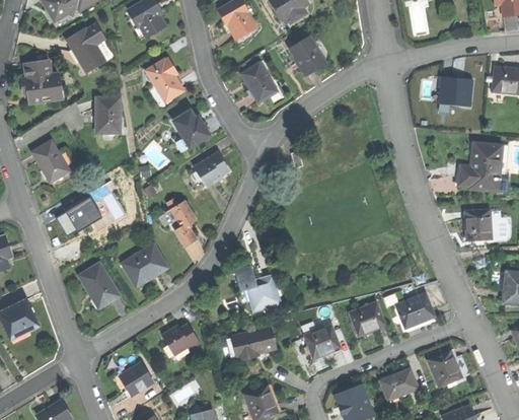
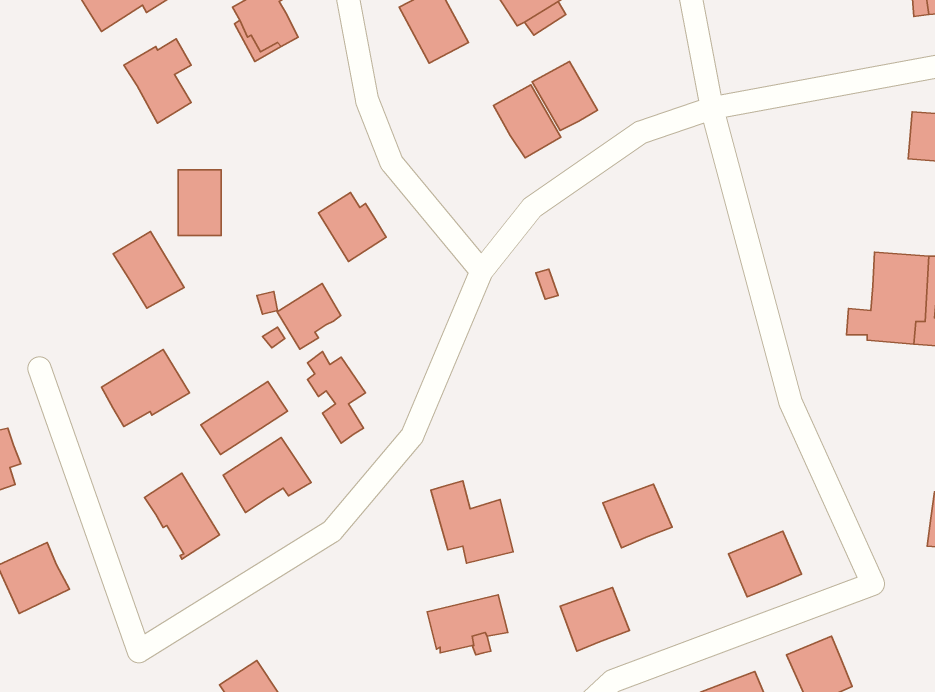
building: [144,59,182,101] -> none
building: [22,62,63,103] -> none
building: [239,63,276,102] -> [493,85,561,158]
building: [440,77,474,106] -> none
building: [32,141,71,183] -> [113,231,184,308]
building: [196,151,230,187] -> [277,284,341,349]
building: [465,209,493,239] -> none
building: none -> [201,382,288,454]
building: [349,301,386,336] -> [603,484,672,548]
building: [161,324,201,352] -> none

